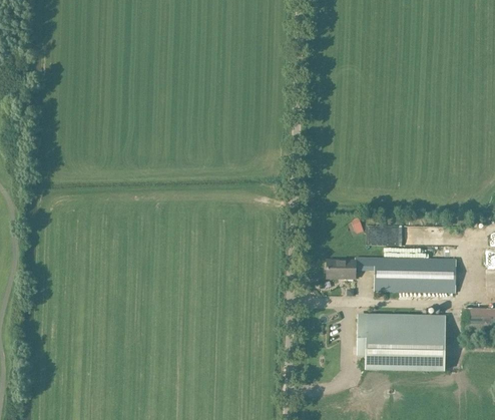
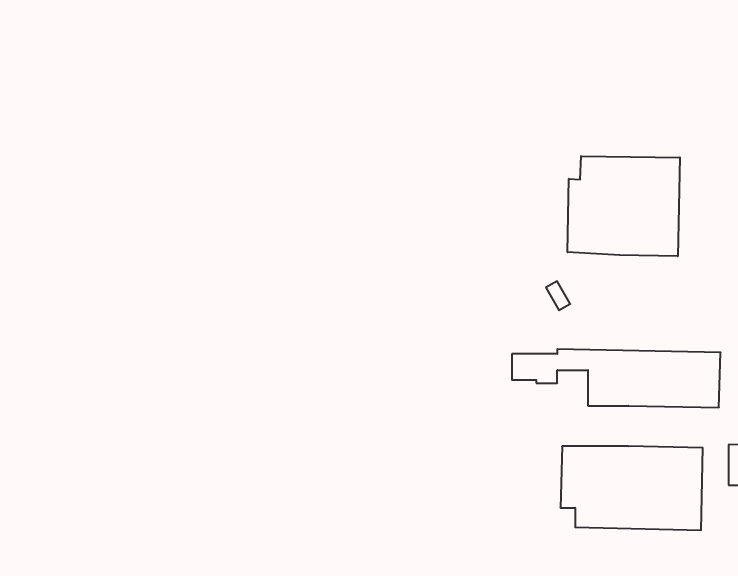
building: none -> [568,156,680,256]

